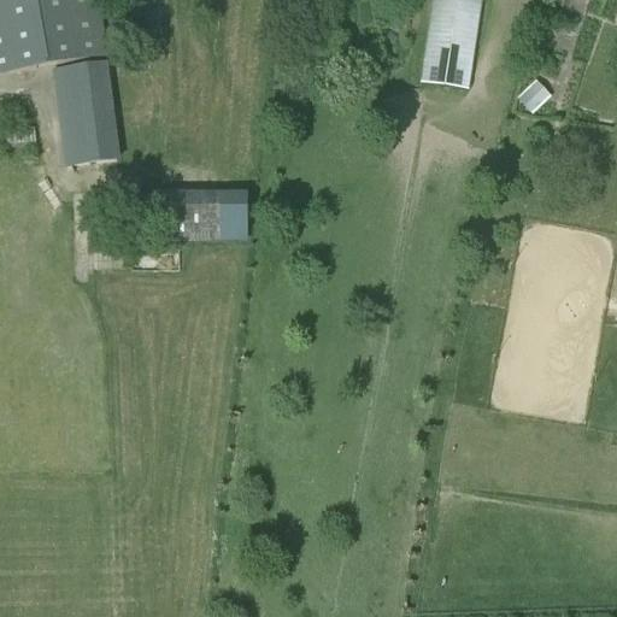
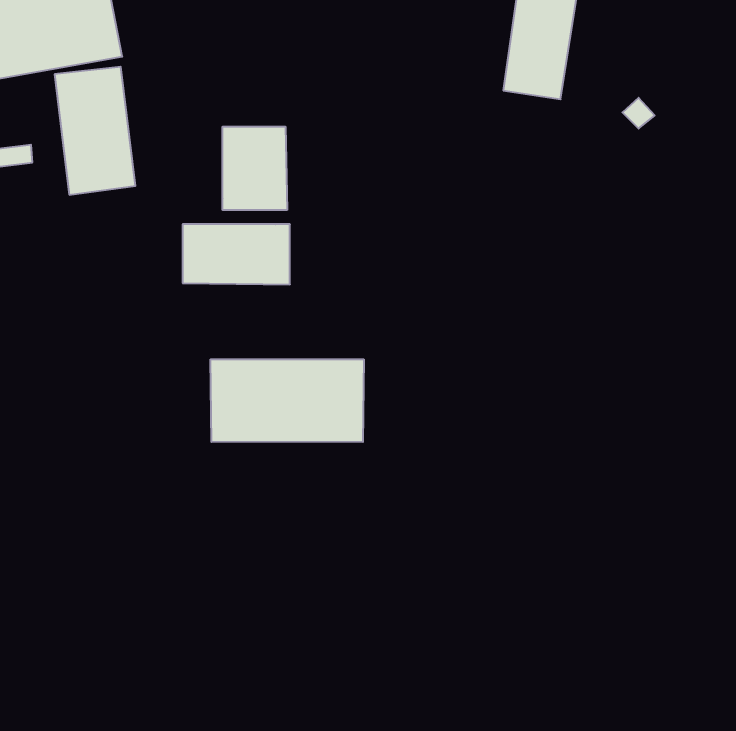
building: none -> [223,127,287,210]
building: none -> [211,359,364,442]

